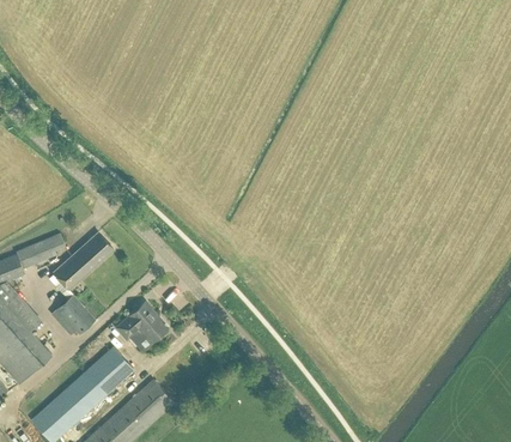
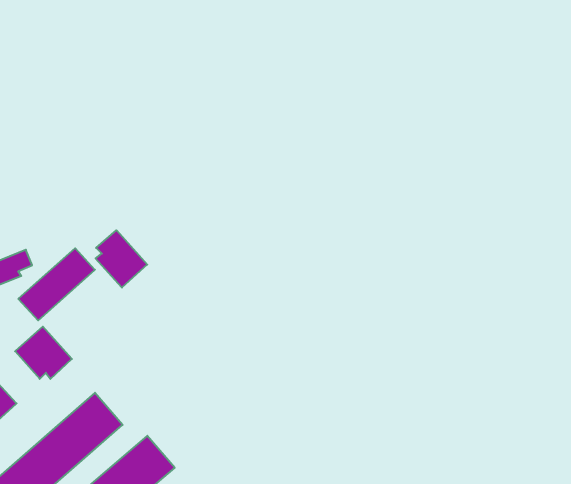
building: none -> [96,230,147,288]
building: [115,302,166,343] -> none

